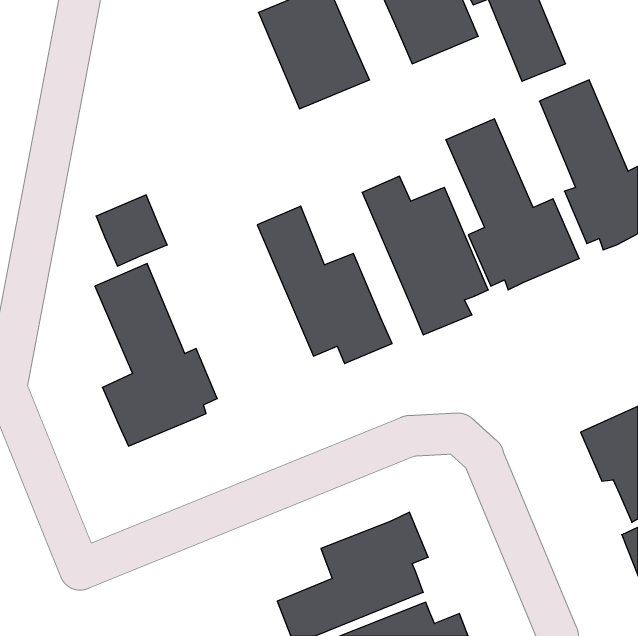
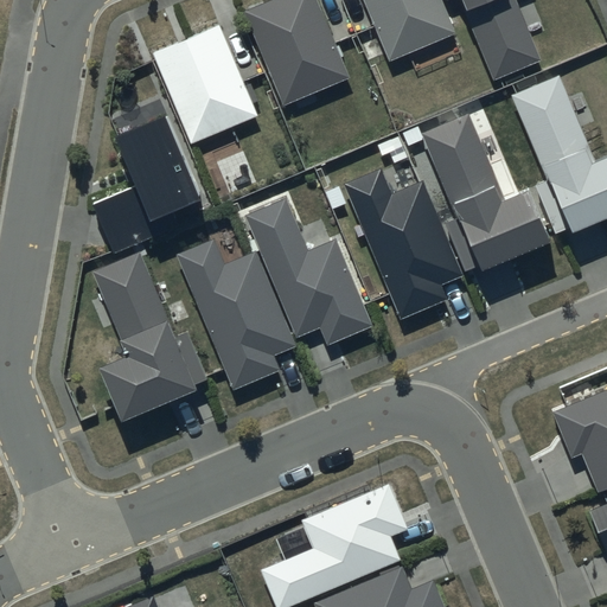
building: none -> [154,27,257,143]
building: none -> [119,117,202,222]
building: none -> [175,237,295,390]

